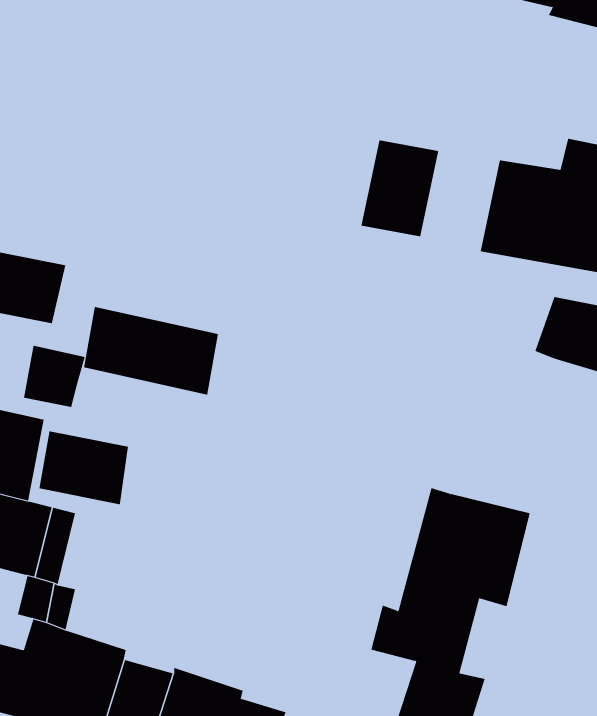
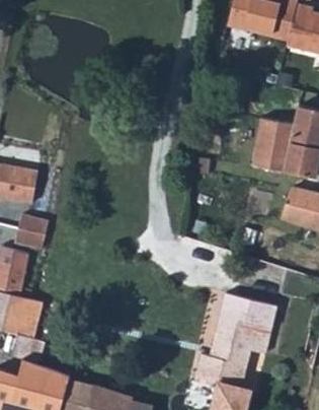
building: [361,140,439,237] -> none
building: [84,306,218,395] -> none
building: [39,430,129,505] -> none

